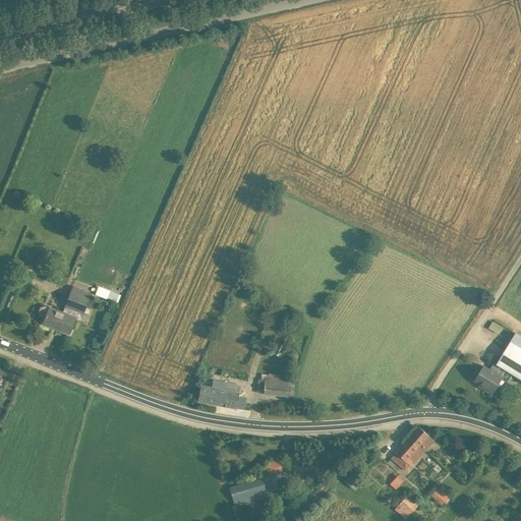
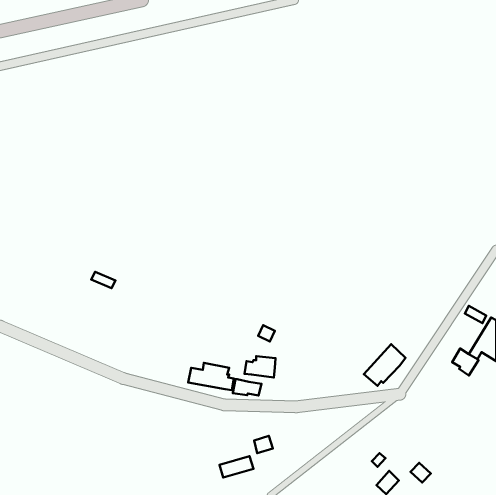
building: [39,288,92,335] -> none
building: none -> [233,379,261,396]
building: [391,427,435,471] -> [364,344,406,386]

